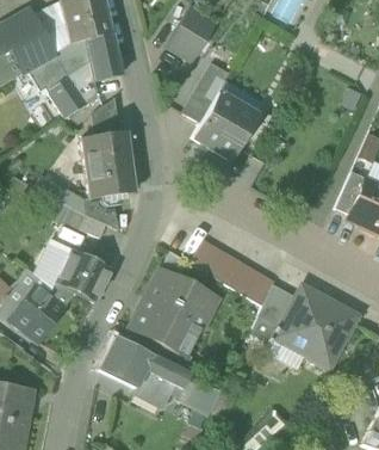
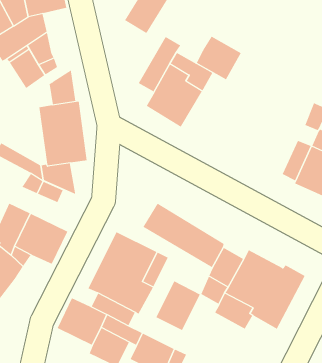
building: [86,33,122,81] -> none
building: none -> [196,36,242,80]
building: none -> [156,281,201,331]

